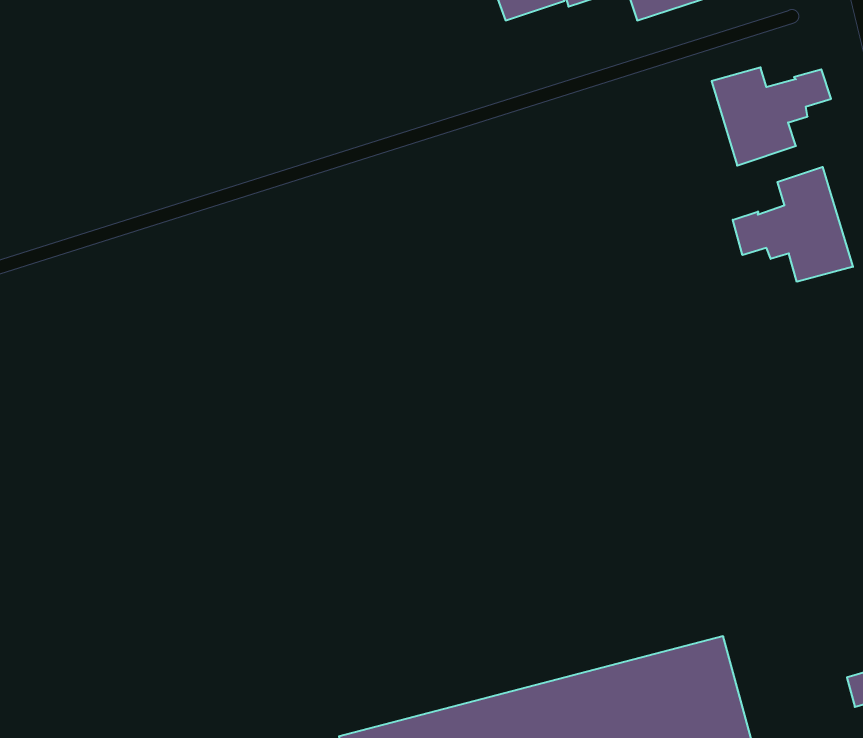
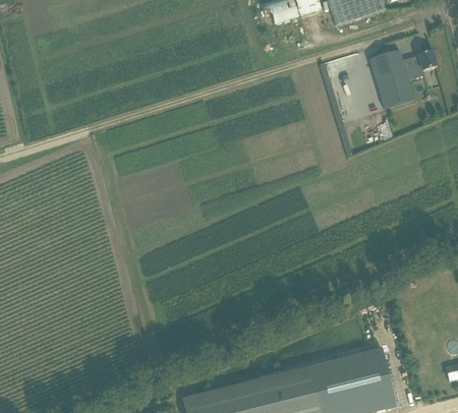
building: [733,167,853,282] -> none

